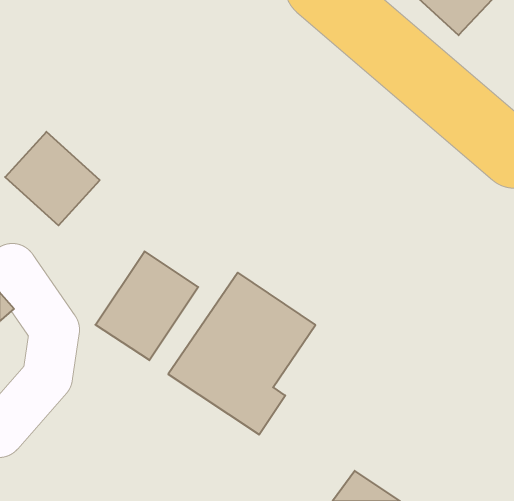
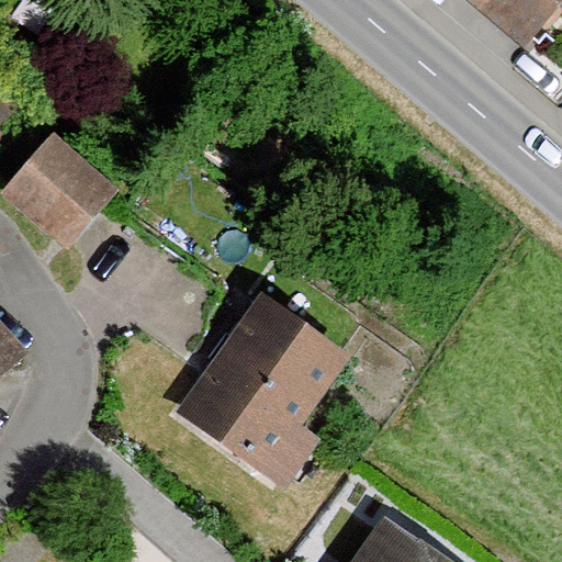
building: [95,251,198,360] -> none

